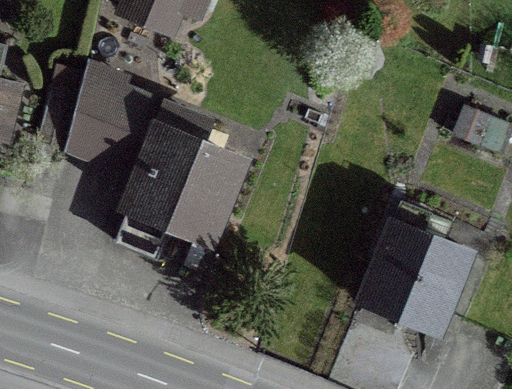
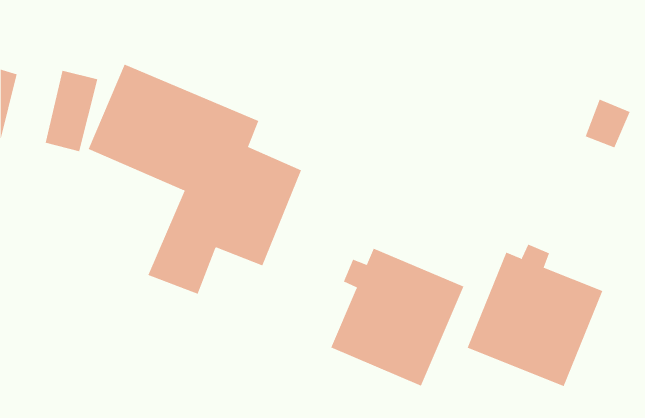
building: none -> [330,248,464,386]

